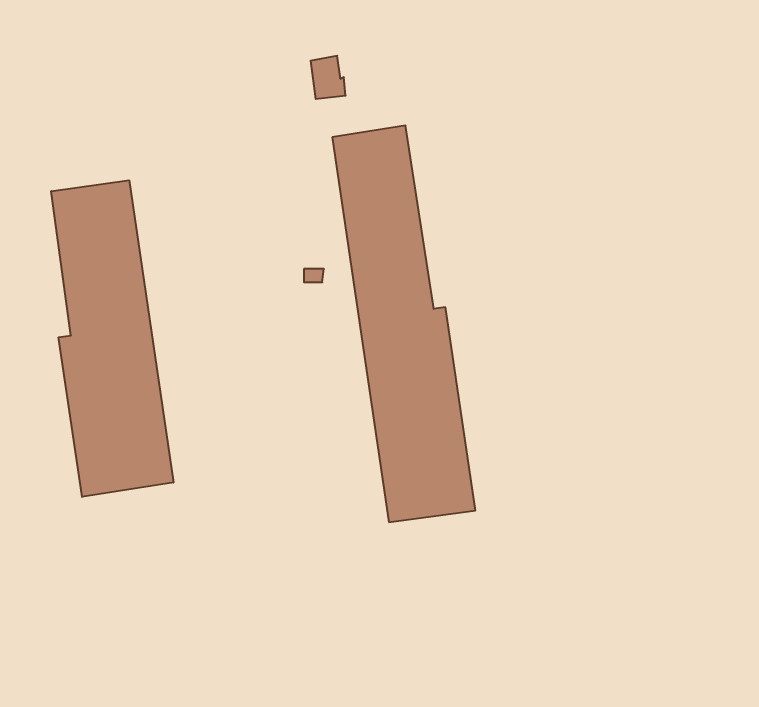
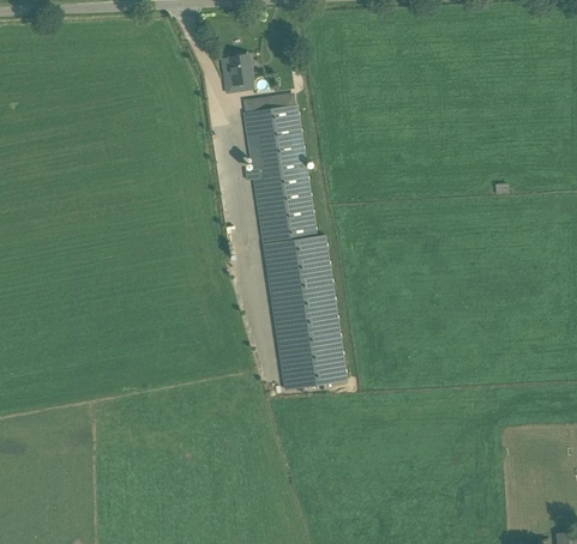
building: [51,180,173,497] -> none

